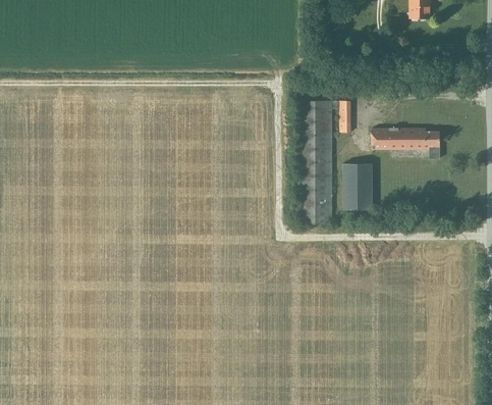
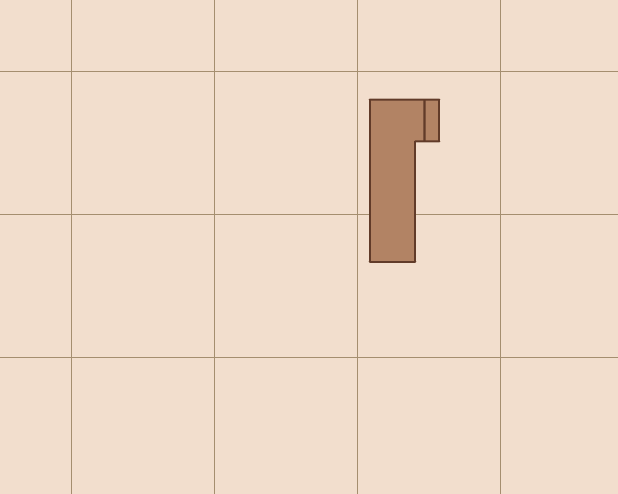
building: [372,129,440,149] -> none
building: [343,163,373,210] -> none

